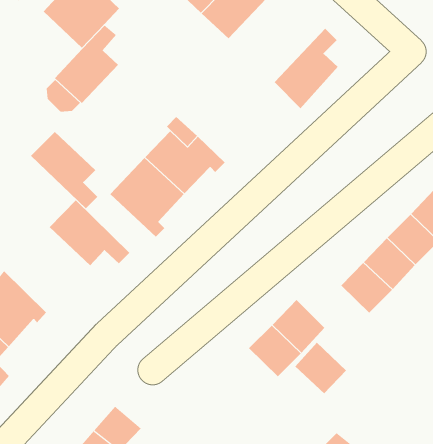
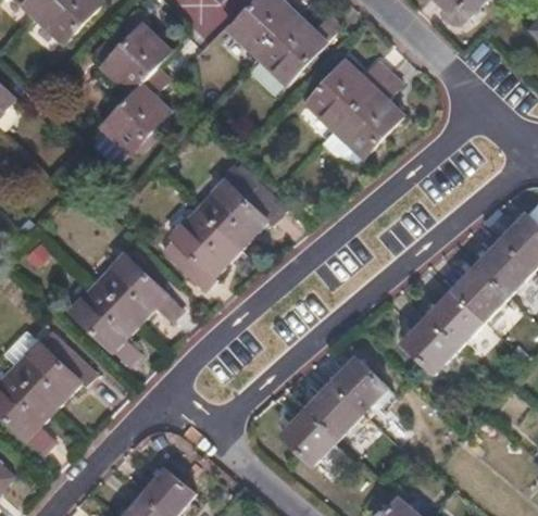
building: none -> [305,60,388,129]
building: [30,131,98,209] -> [70,282,141,365]
building: [294,342,347,394] -> [283,411,338,466]

